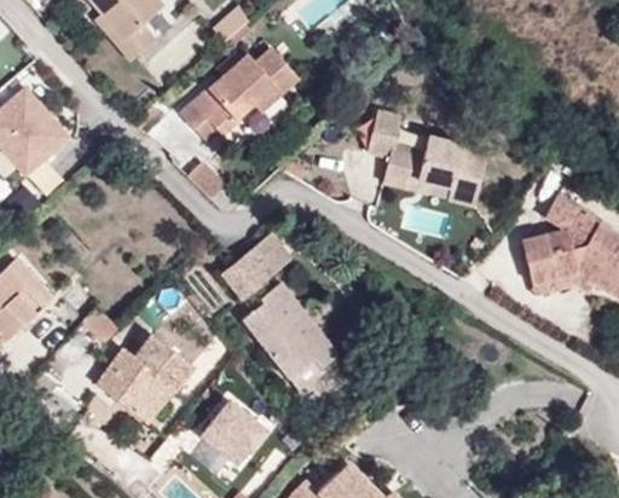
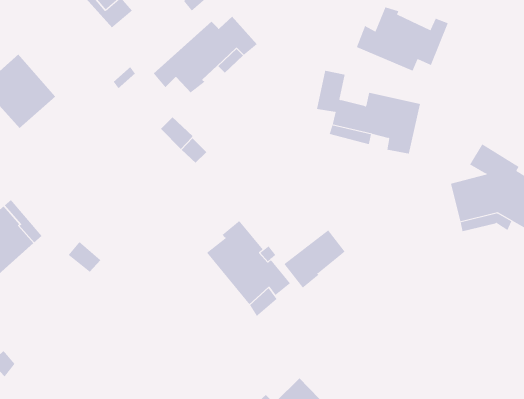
building: none -> [356,6,448,72]
building: [220,233,291,301] -> [284,230,345,288]
building: [94,331,195,424] -> none
building: [203,398,276,470] -> none

